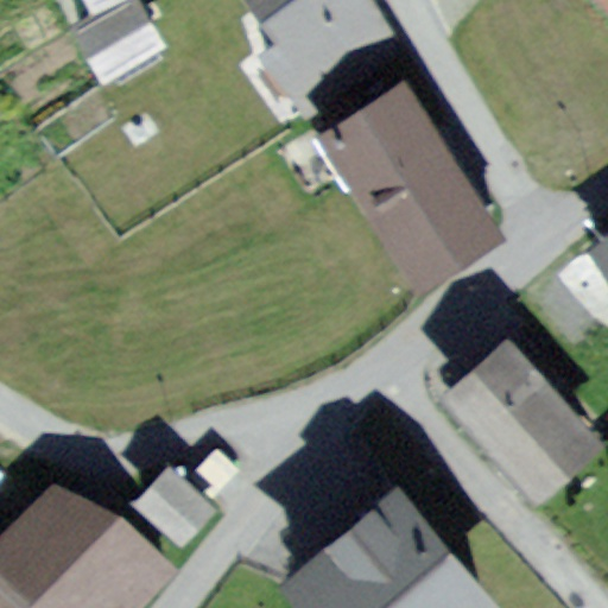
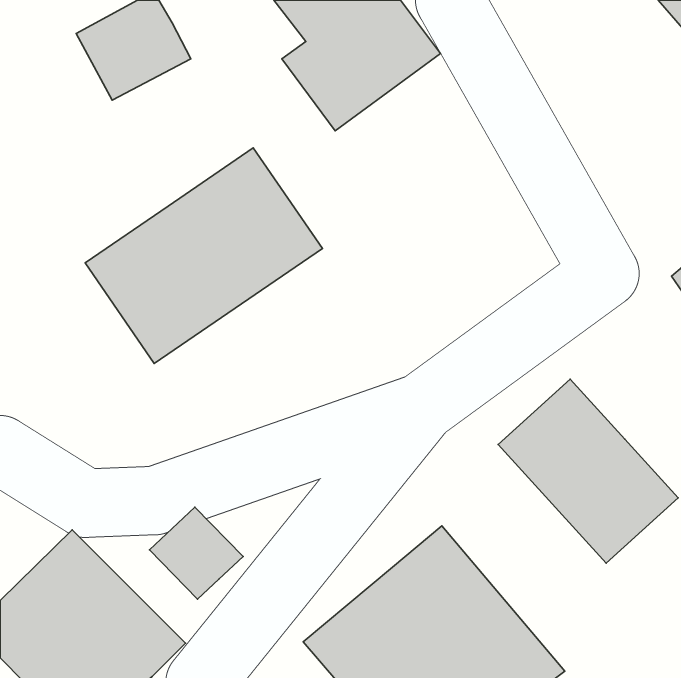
building: [312,72,505,287] -> none
building: none -> [85,148,322,364]

